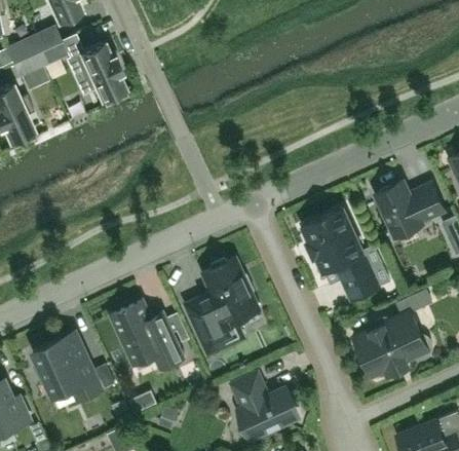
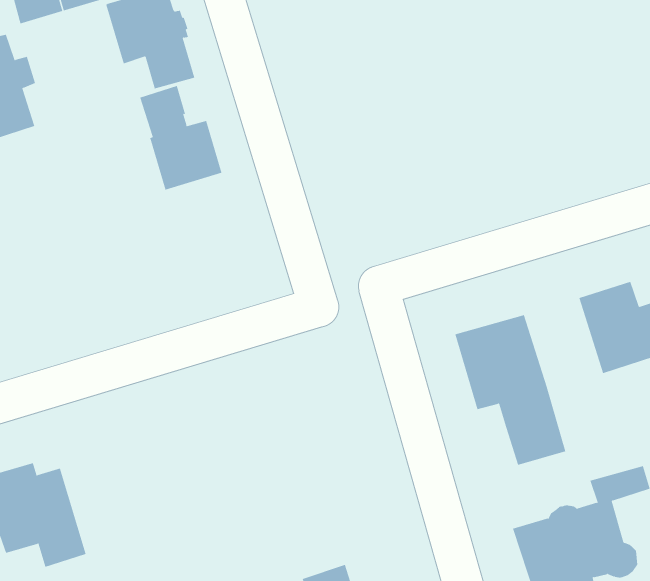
building: none -> [140,85,222,191]
building: [185,259,259,355] -> none
building: [111,301,184,369] -> none

